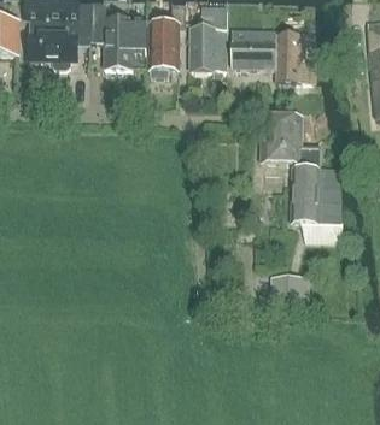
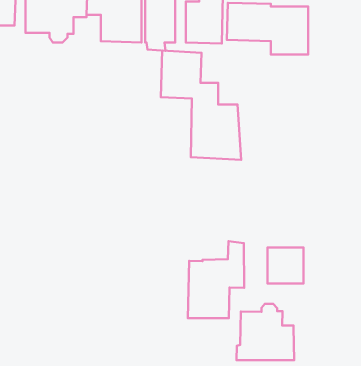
building: [261,113,341,223] -> [161,51,241,160]
building: none -> [188,241,244,318]
building: none -> [237,304,294,360]

